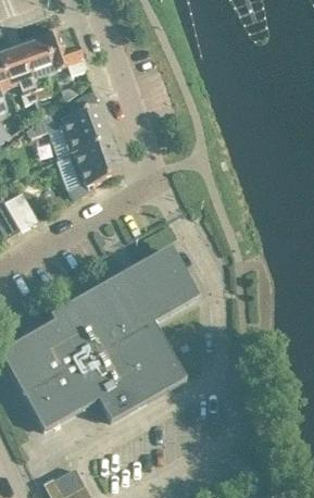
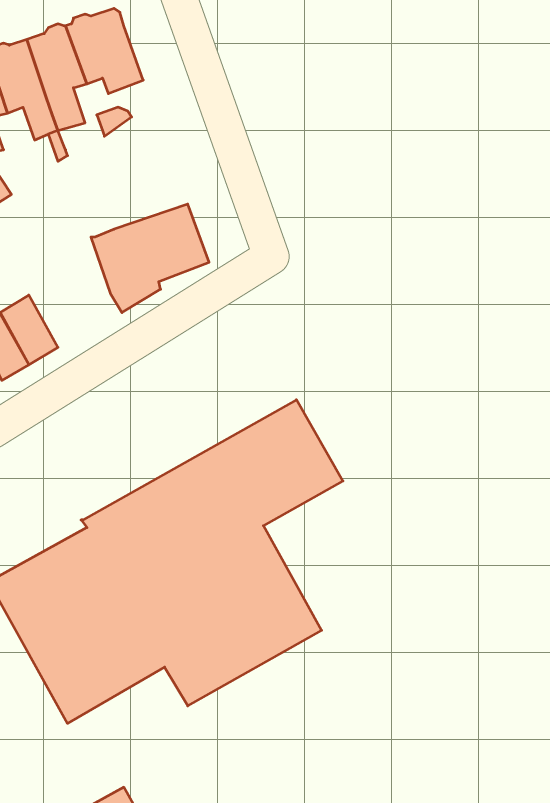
building: [25,88,110,157] -> none

